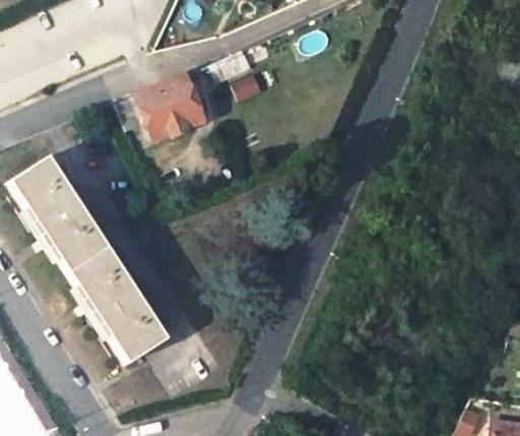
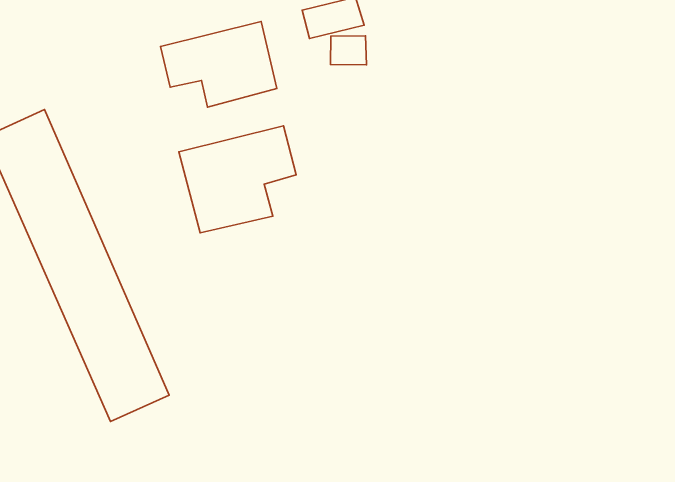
building: none -> [179,126,296,233]

